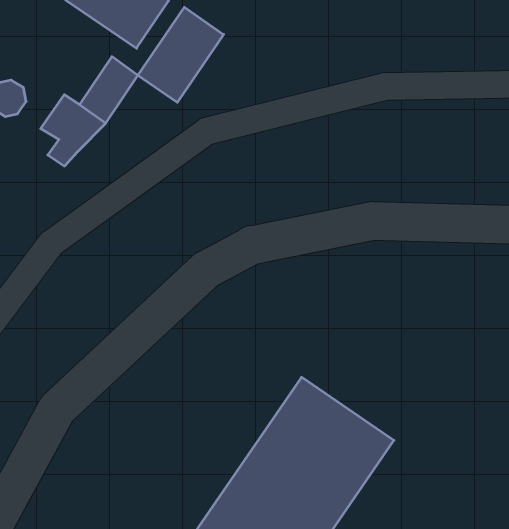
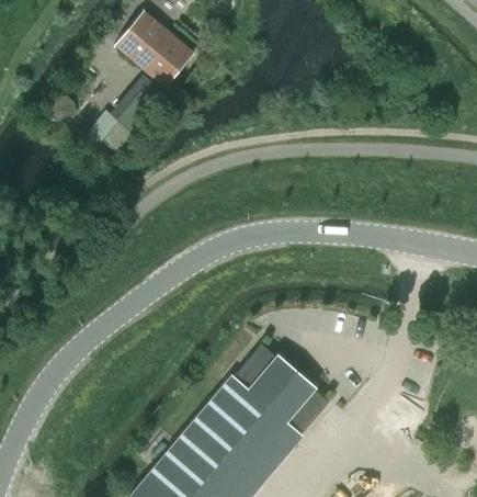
building: [138,7,224,102] -> none

